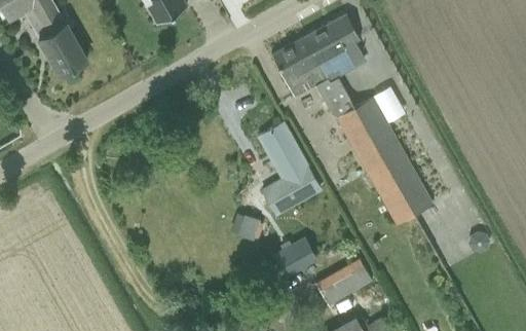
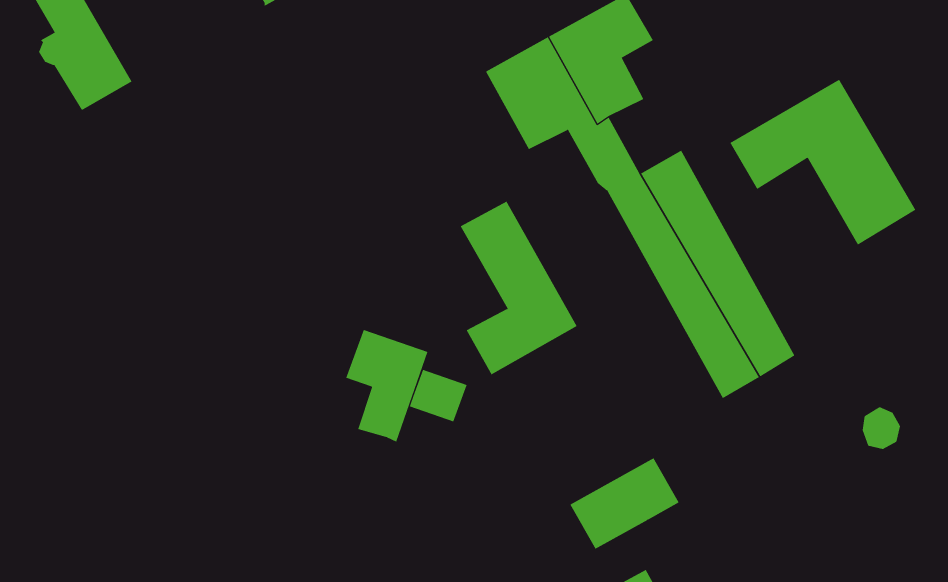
building: none -> [730,79,916,245]
building: none -> [346,329,428,442]
building: [274,237,318,279] -> none

